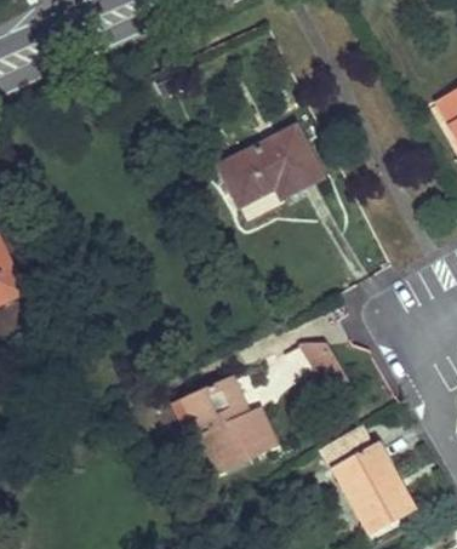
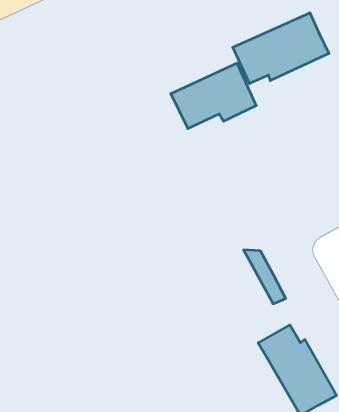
building: none -> [233,13,329,84]
building: [178,377,275,468] -> none

